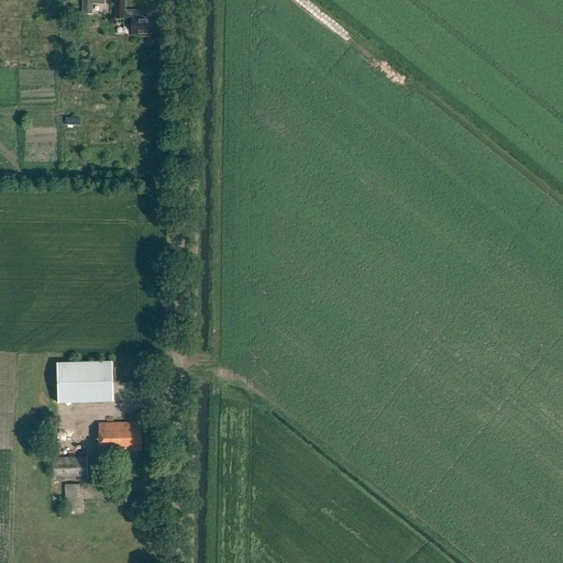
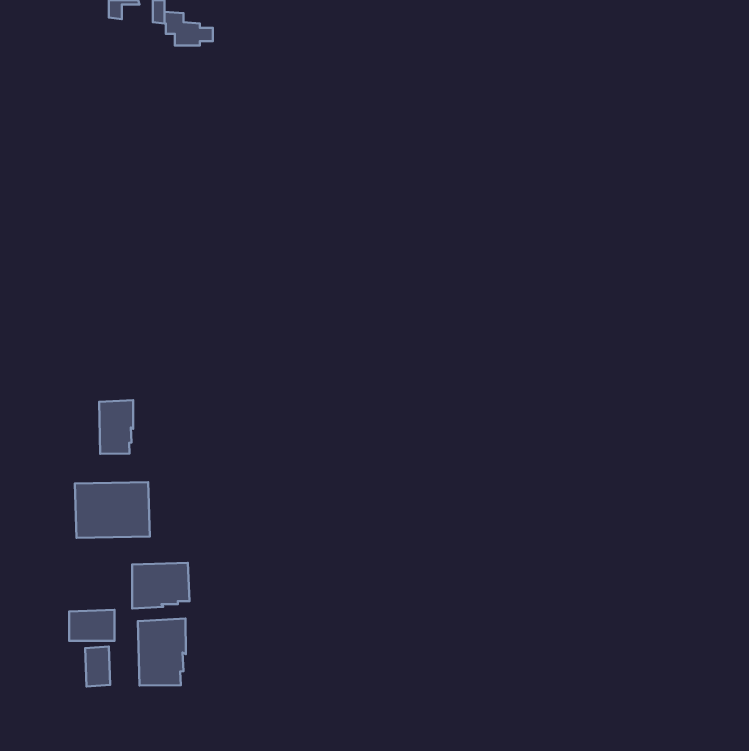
building: none -> [99,400,133,454]
building: none -> [138,618,186,686]

